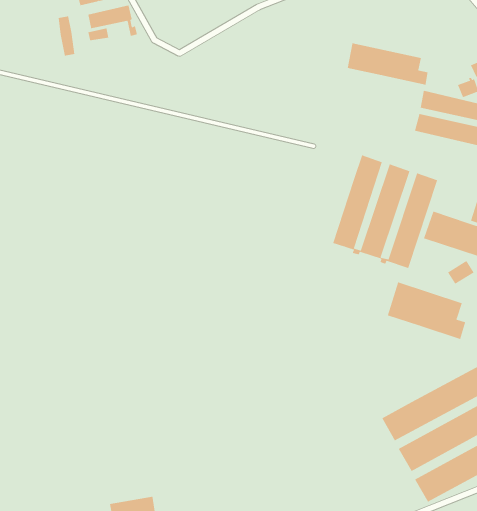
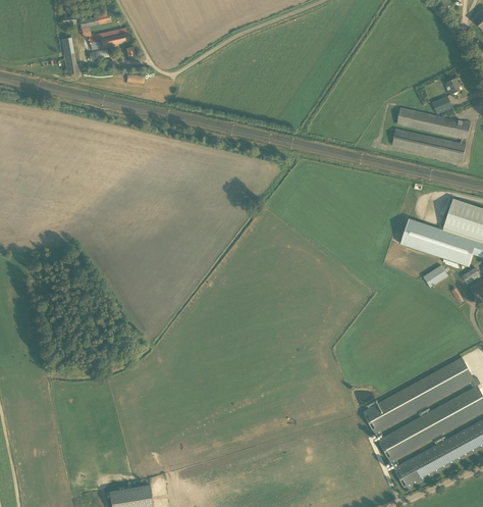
building: [347,42,428,85] -> none
building: [333,155,438,269] -> none
building: [387,282,466,340] -> none

